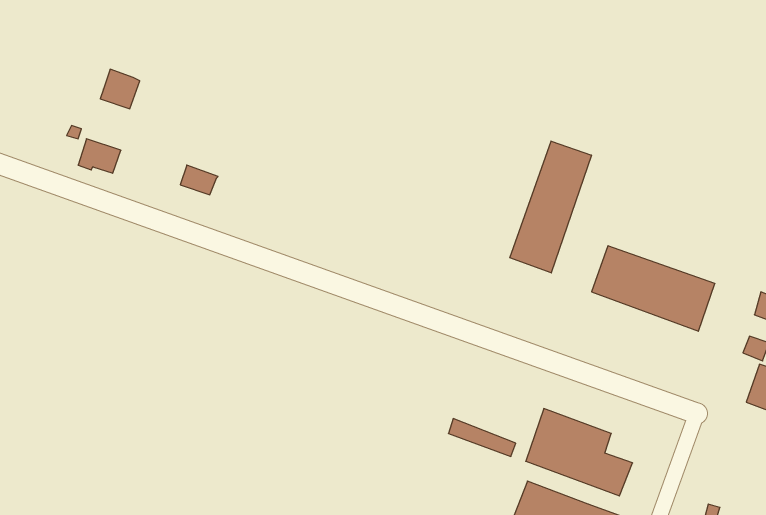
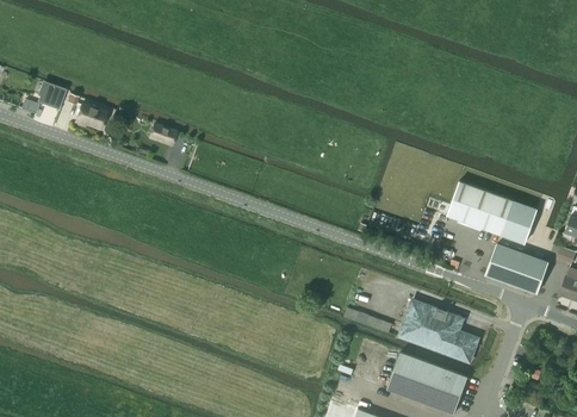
building: [100,69,140,109] -> [37,81,66,110]
building: [510,141,591,273] -> none
building: none -> [485,243,547,293]

